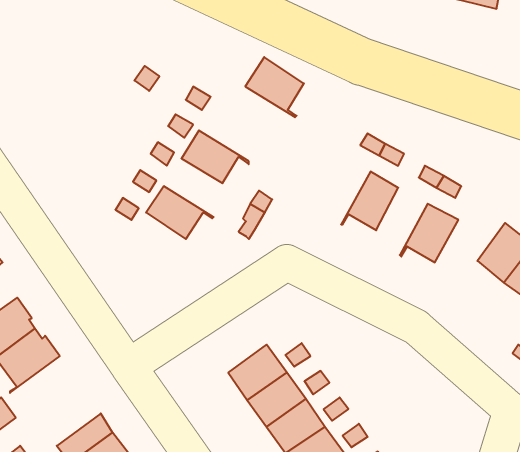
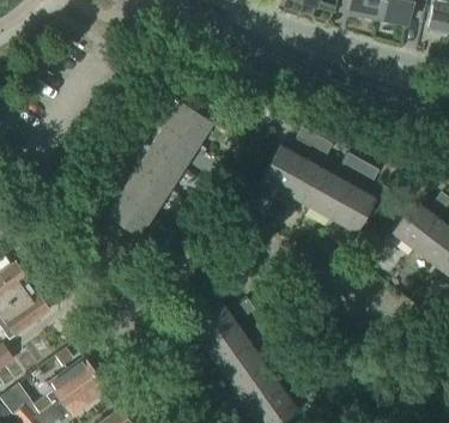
building: [245,57,304,117] -> [164,101,212,150]
building: none -> [260,145,304,201]
building: none -> [135,147,183,195]
building: none -> [309,171,351,226]
building: none -> [105,192,153,237]

